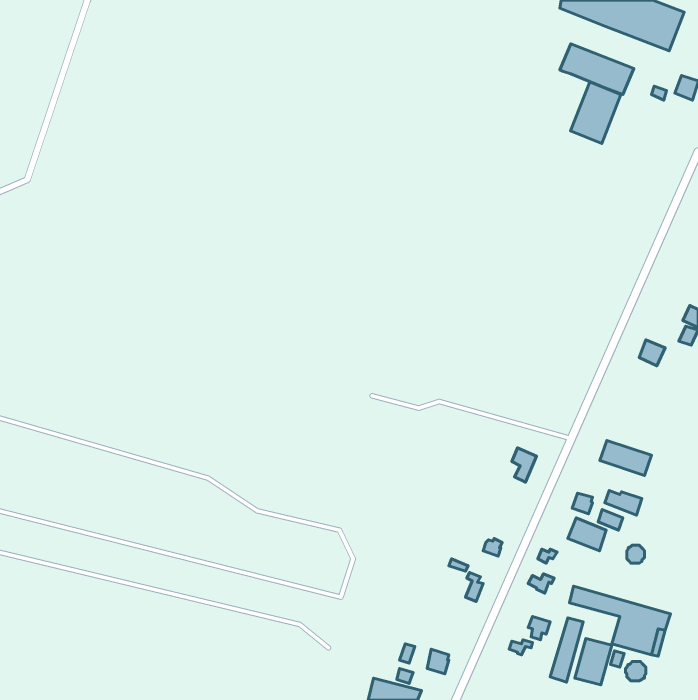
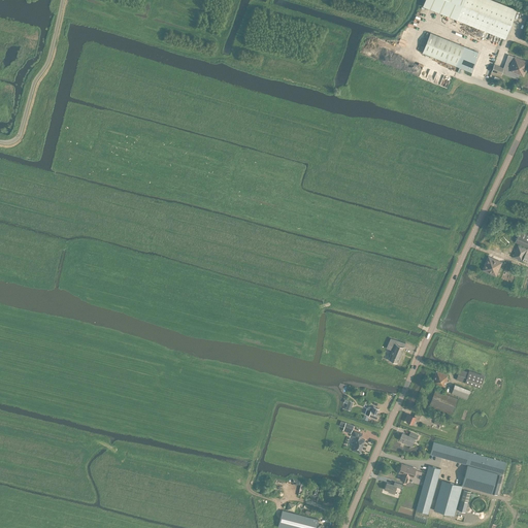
building: [571,82,621,143] -> none
building: [600,440,652,475] -> none

